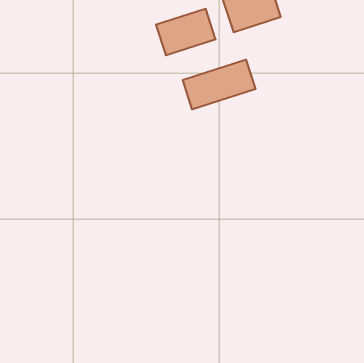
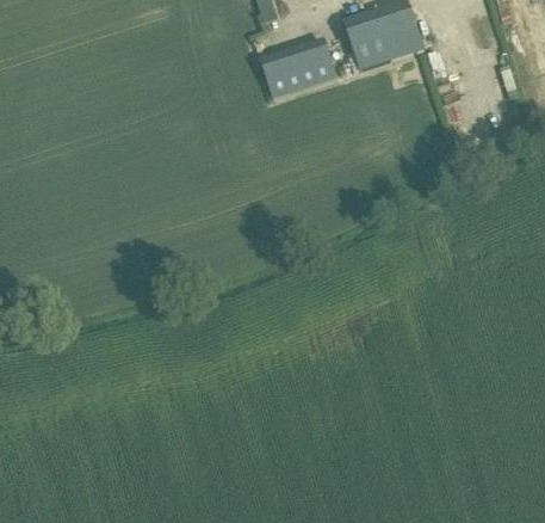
building: [183,60,255,109] -> none

